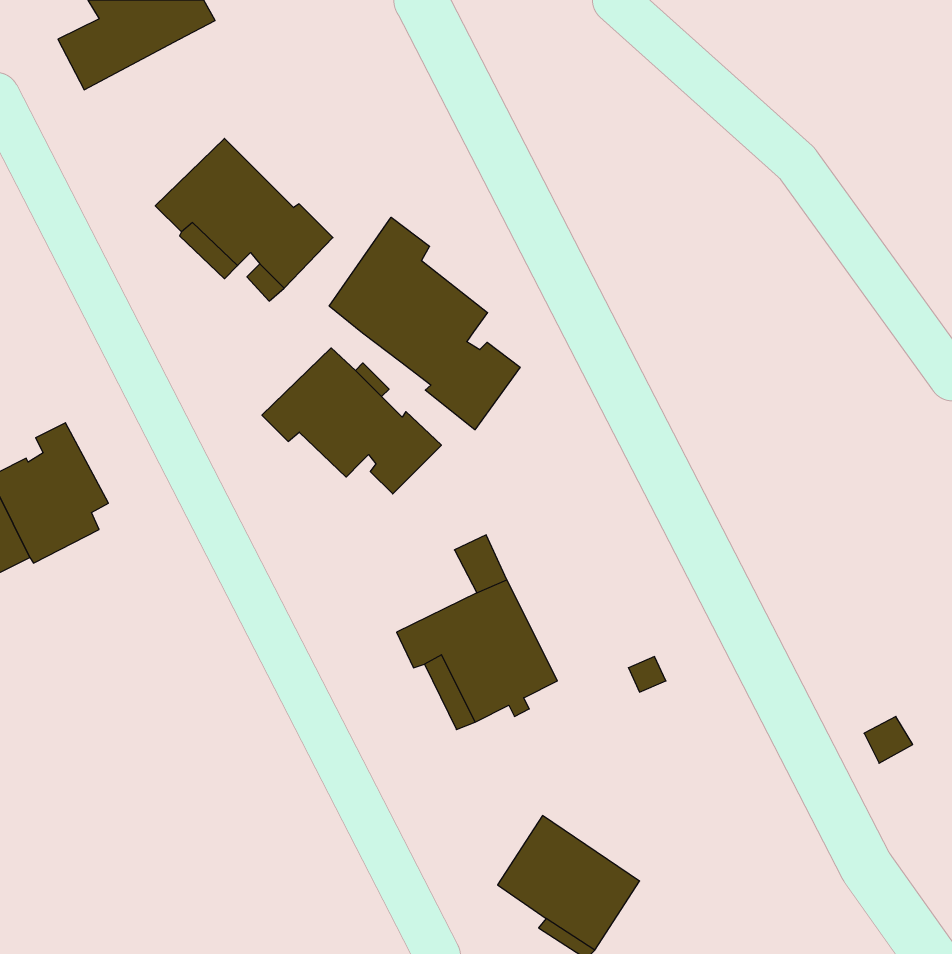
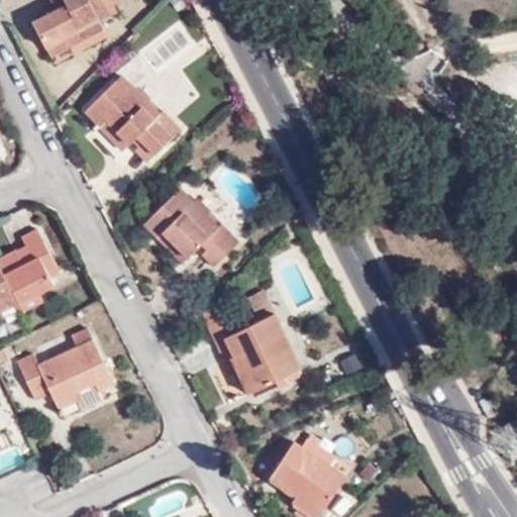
building: [329,217,520,430] -> none
building: none -> [15,328,113,411]

